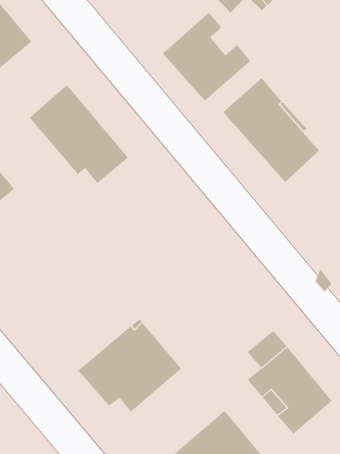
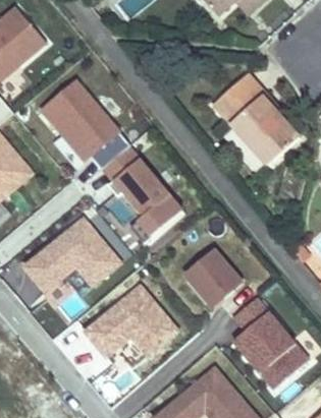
building: [162,12,251,102] -> none
building: none -> [102,144,181,235]
building: none -> [23,218,119,304]
building: none -> [186,248,243,305]

